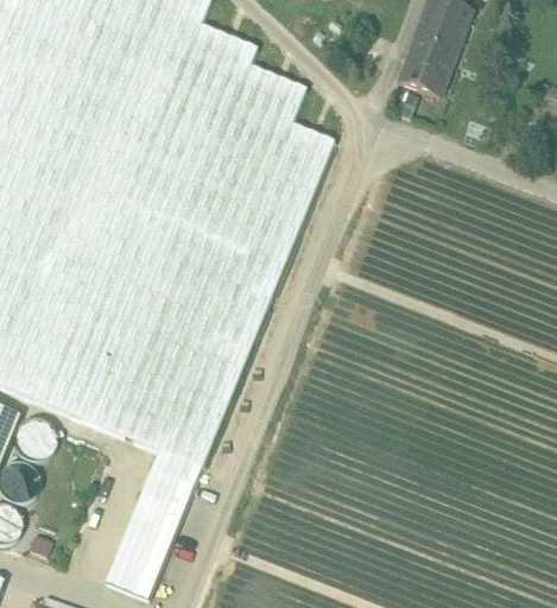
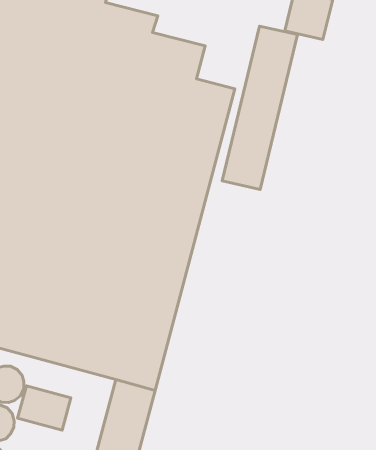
building: none -> [222,26,298,189]
building: none -> [17,386,71,430]

